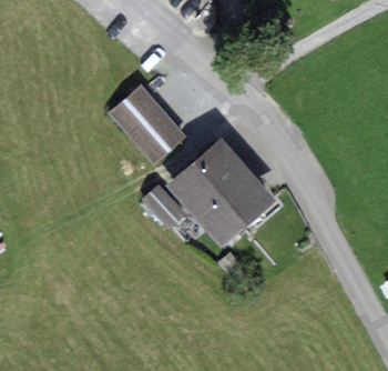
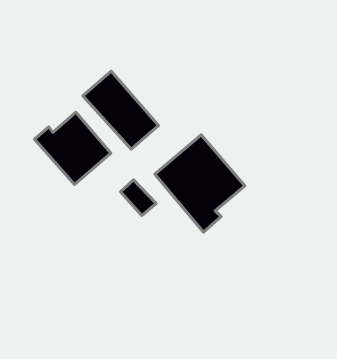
building: none -> [35,112,111,185]

